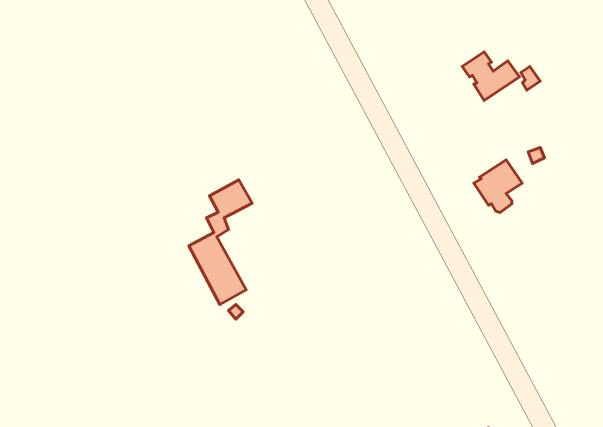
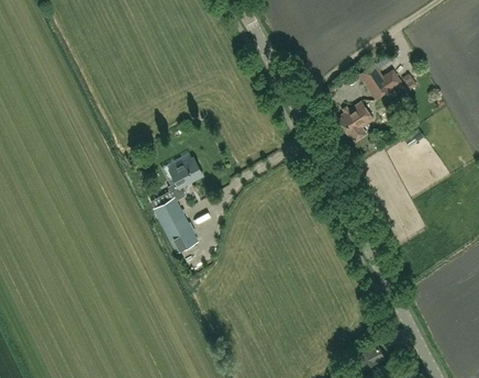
building: [474,160,522,213] -> [337,101,374,141]

